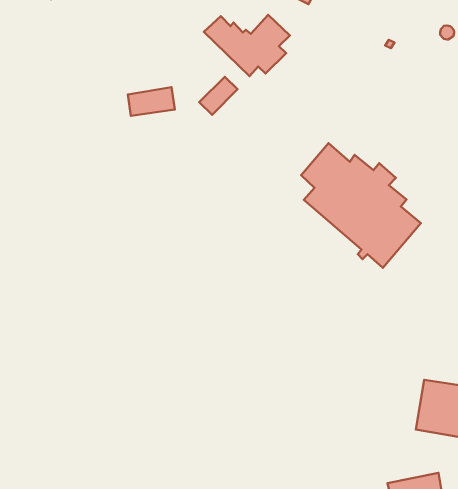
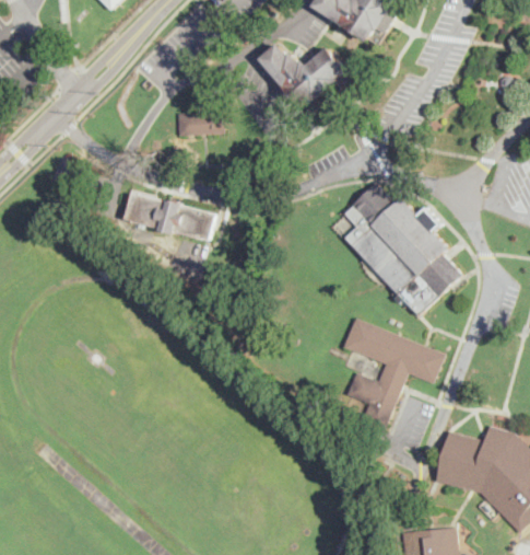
building: [199,77,237,115] -> none
building: none -> [125,194,214,240]
building: none -> [342,317,443,429]

